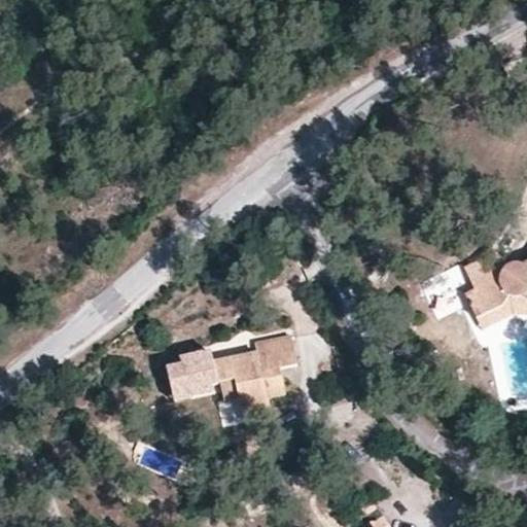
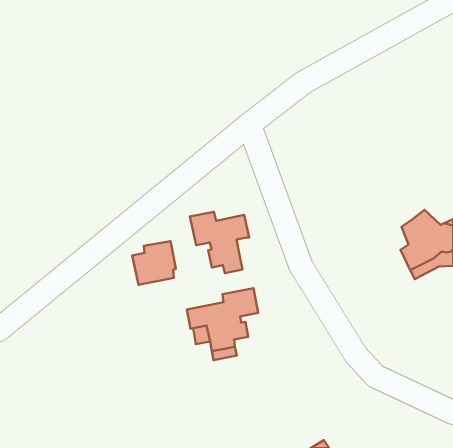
building: none -> [190,212,249,273]
building: [170,349,220,399] -> [132,241,176,285]

